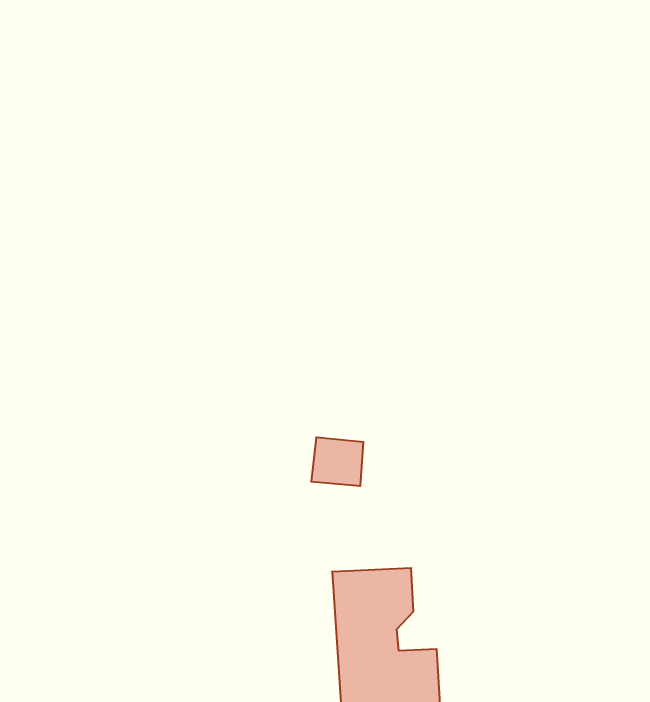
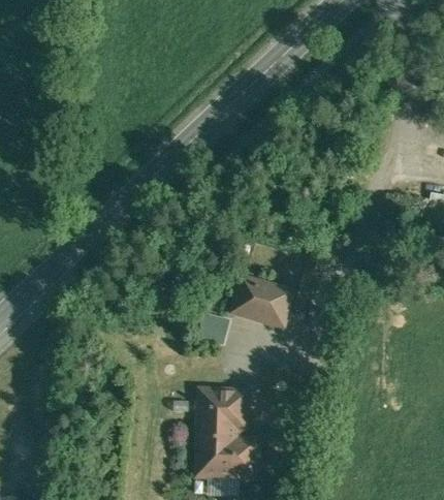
building: none -> [232,279,289,323]

